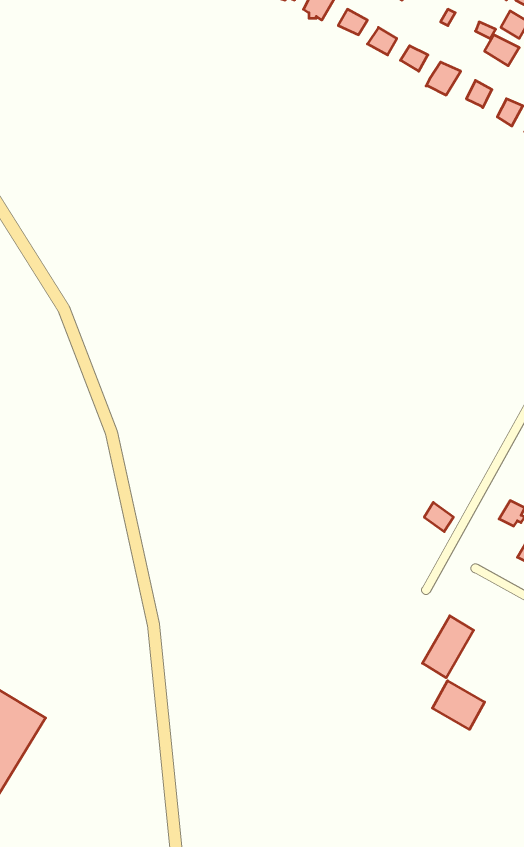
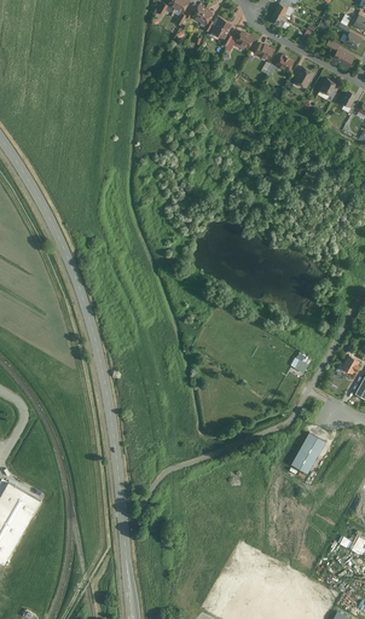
building: [432,681,485,729] -> none

